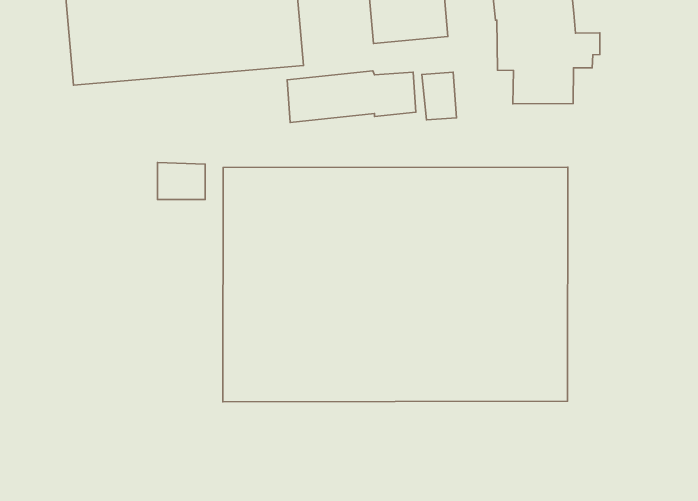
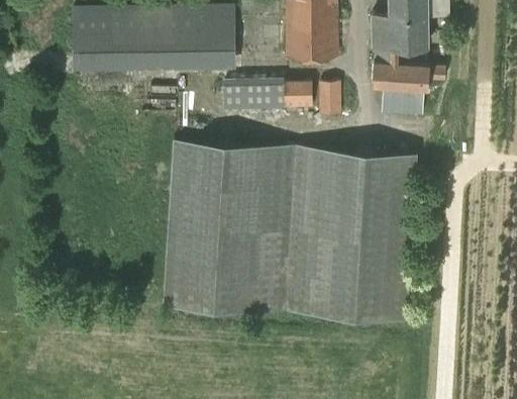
building: [157,162,205,199] -> none

